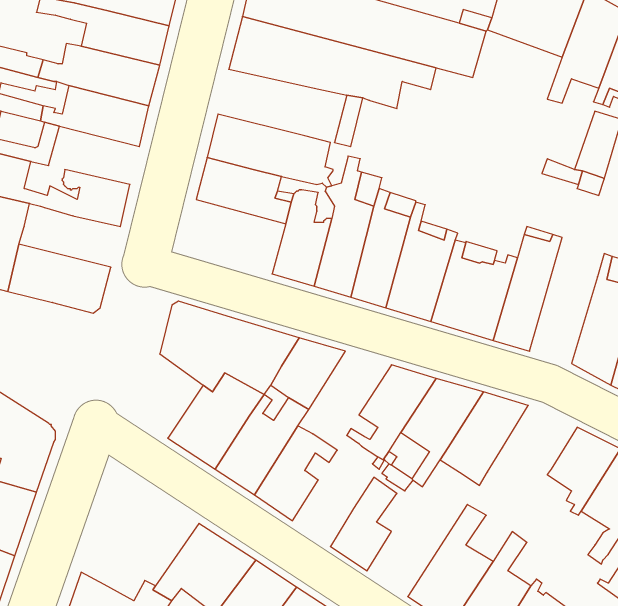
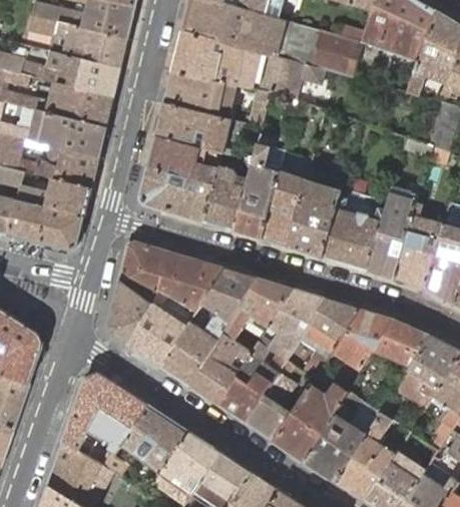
building: none -> [162,70,234,119]
building: none -> [37,112,104,155]
building: none -> [139,166,212,221]
building: none -> [15,169,90,216]
building: none -> [393,177,443,288]
building: none -> [221,279,291,340]
building: none -> [107,281,151,343]
building: none -> [373,319,428,366]
building: none -> [217,341,278,423]
building: none -> [61,373,148,452]
building: none -> [273,384,348,460]

